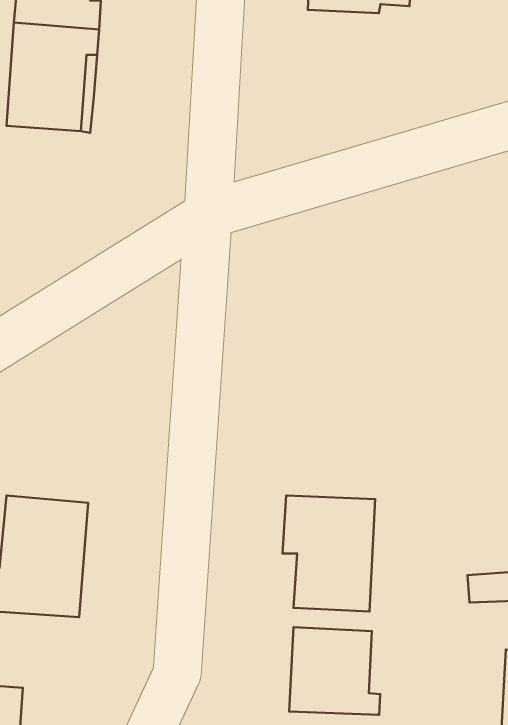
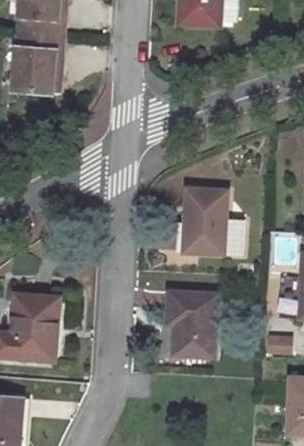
building: none -> [182,189,242,255]
building: [289,627,380,715] -> none

